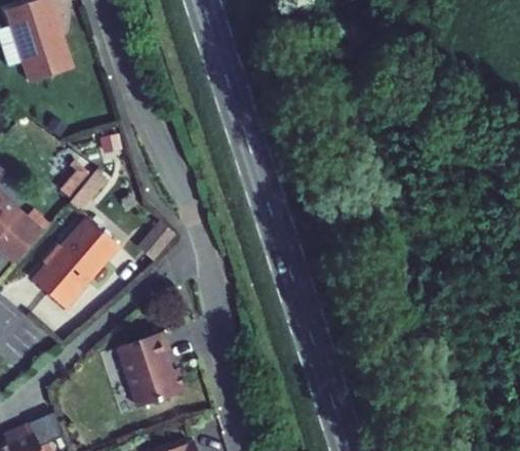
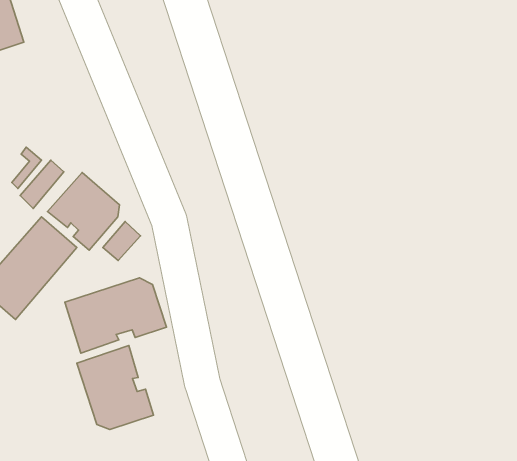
building: none -> [48,172,120,250]
building: none -> [65,278,167,353]

